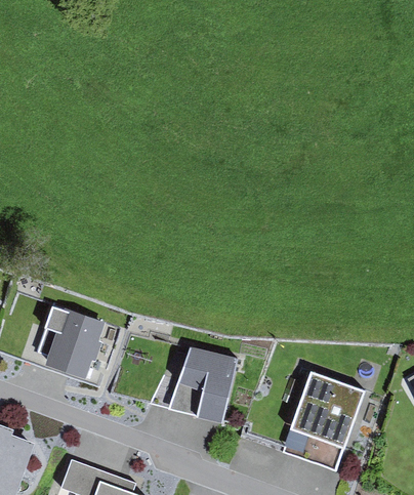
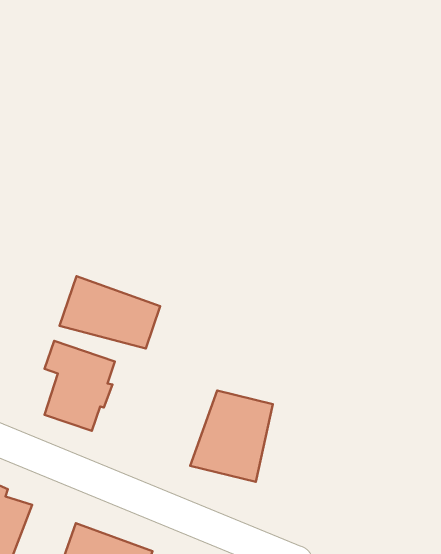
building: none -> [60,276,160,348]
building: [282,373,364,469] -> none

